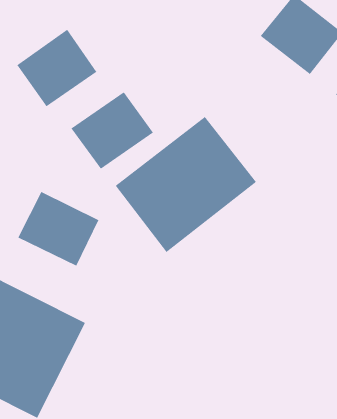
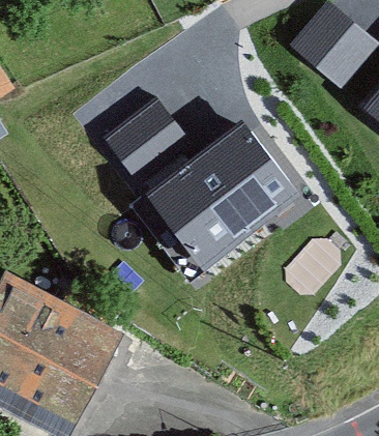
building: [16,29,97,107] -> none
building: [17,191,99,267] -> none

